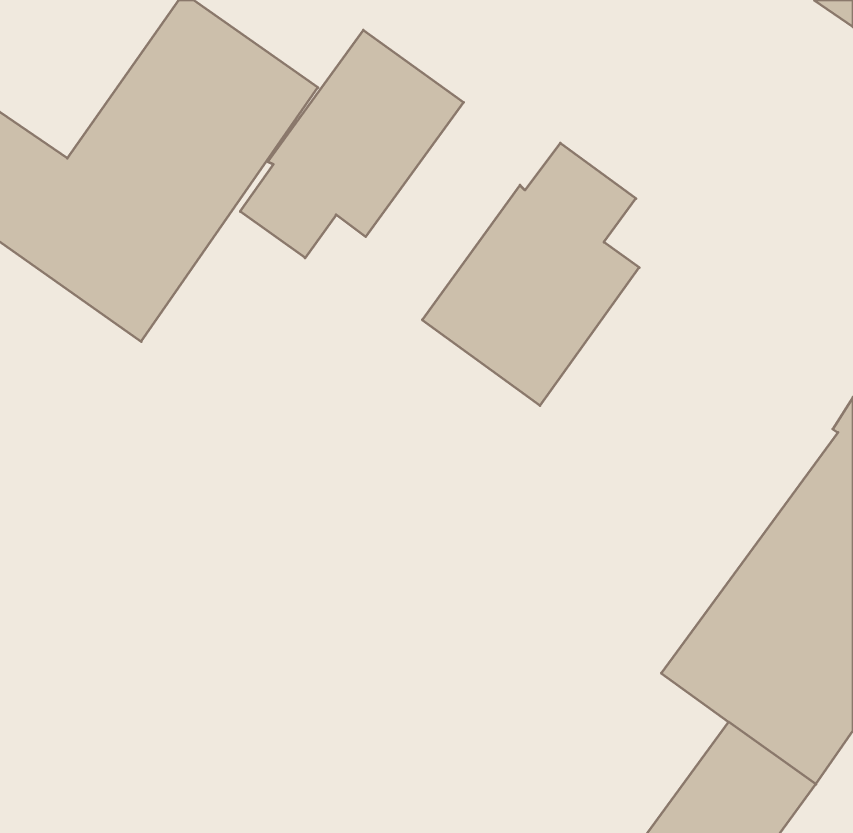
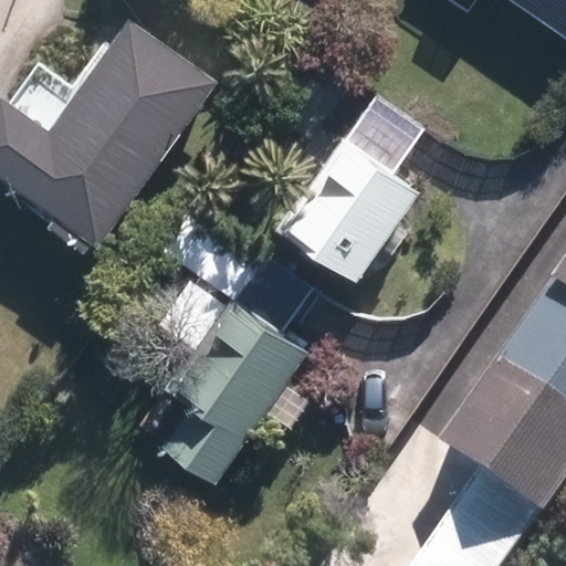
building: [240,30,464,258] -> none
building: none -> [160,261,313,484]

